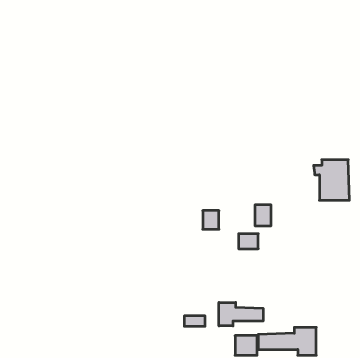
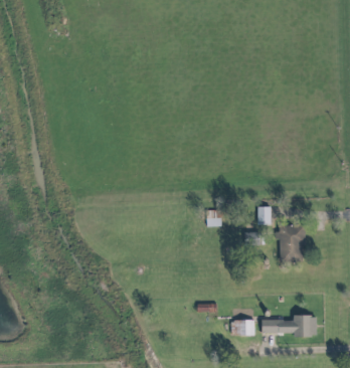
building: [314,160,349,200] -> [273,226,304,261]
building: [219,302,263,326] -> none

